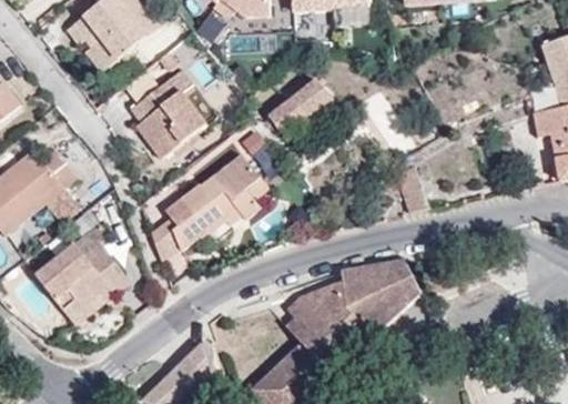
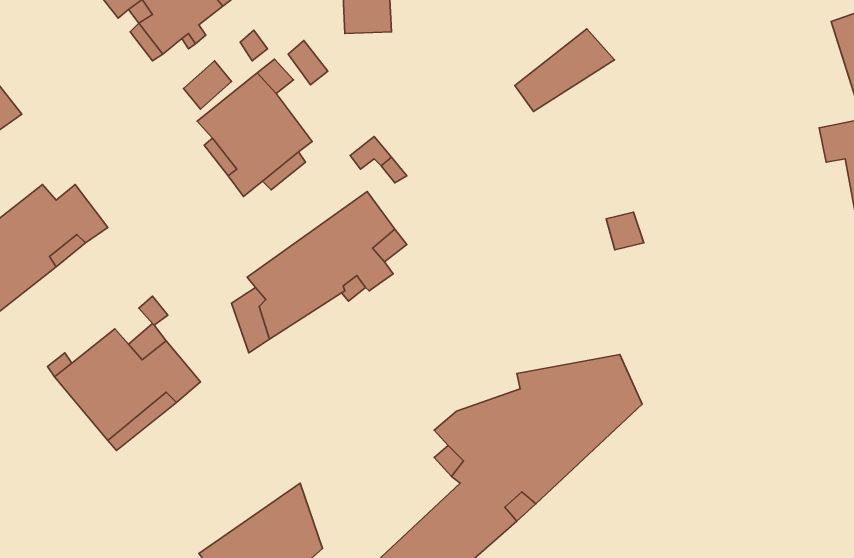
building: [268,78,333,131] -> [515,29,614,111]

